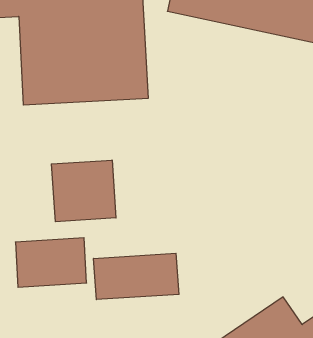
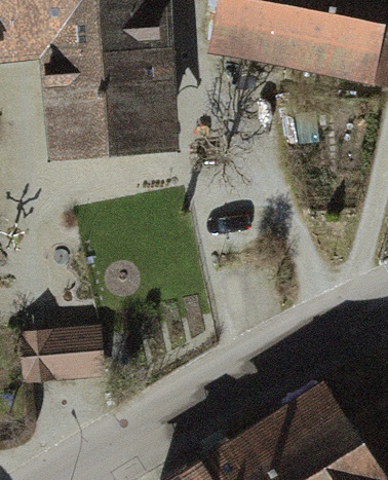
building: [51,160,116,222] -> none
building: [94,253,179,300] -> none

